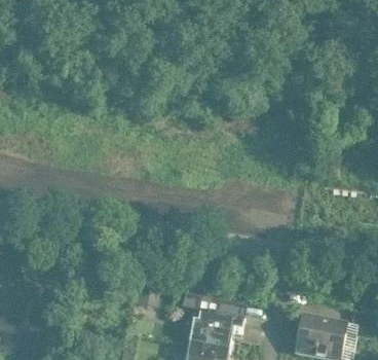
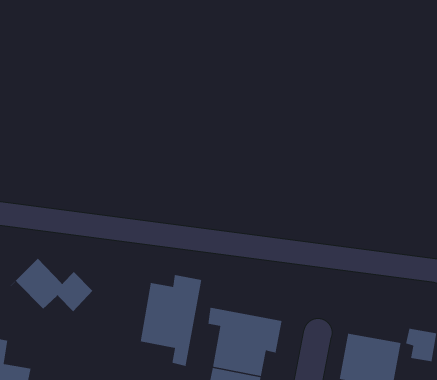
building: none -> [6,258,93,312]
building: none -> [140,274,202,367]

